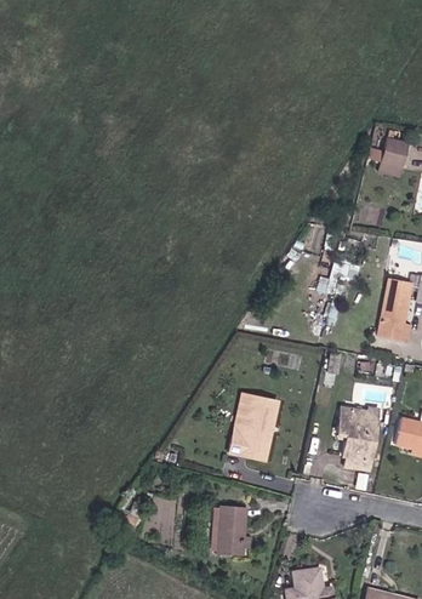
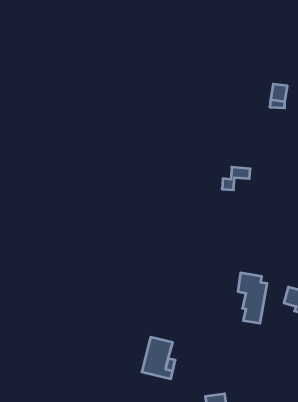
building: [382,276,414,343] -> none
building: [223,398,275,457] -> none

